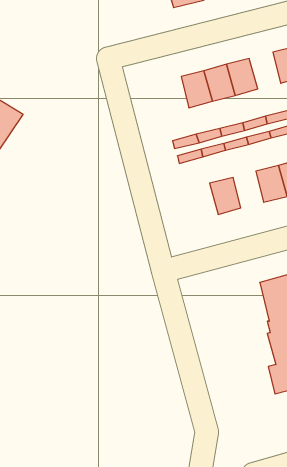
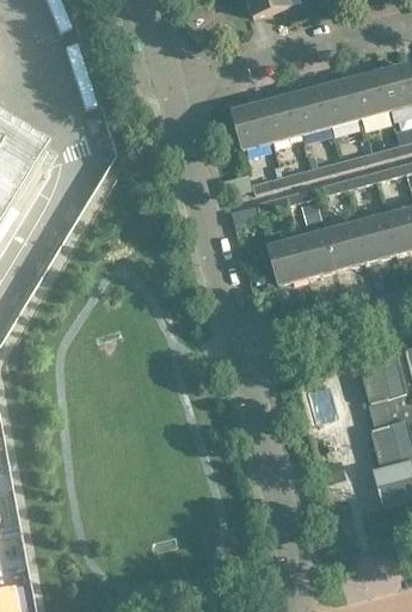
building: none -> [348,71,387,117]
building: none -> [232,102,271,148]
building: none -> [327,221,365,268]
building: none -> [269,237,308,284]

